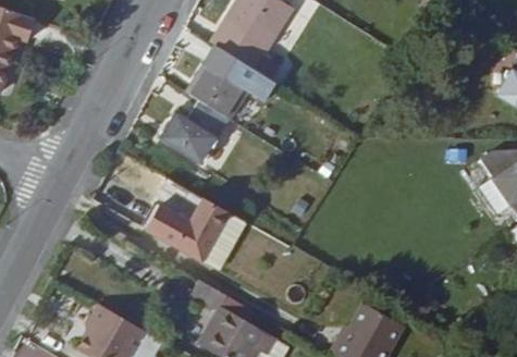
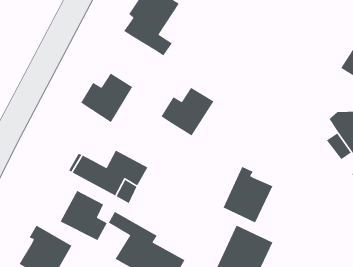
building: [186,56,256,120] -> [160,87,215,137]
building: none -> [222,166,273,223]
building: none -> [60,190,108,241]

